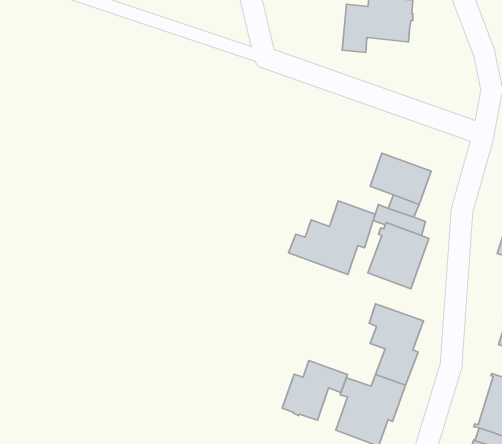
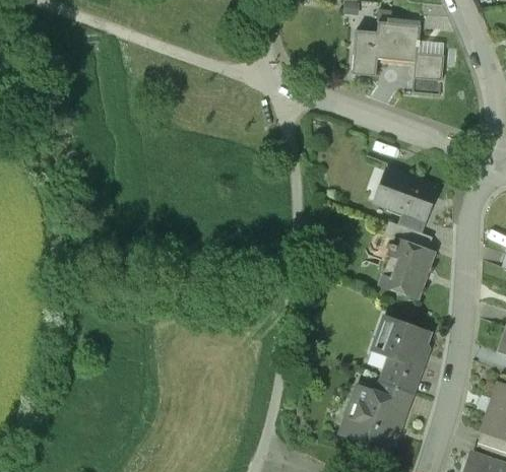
building: none -> [412,53,444,93]
building: [288,201,375,274] -> none
building: [282,361,348,420] -> none

